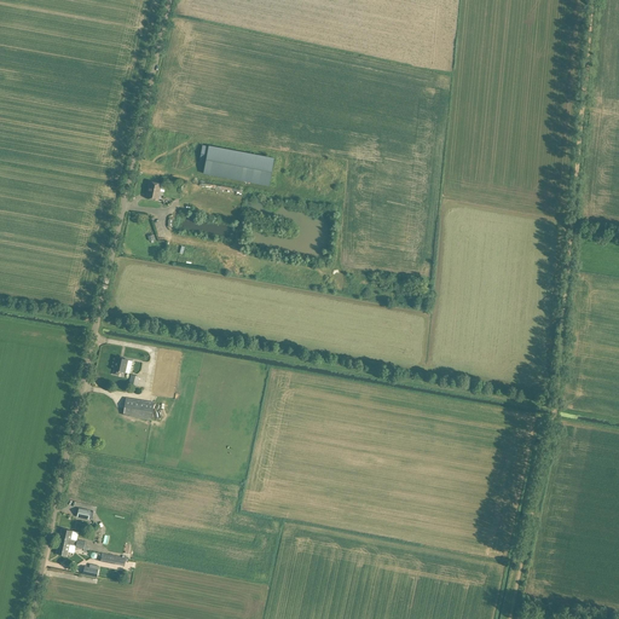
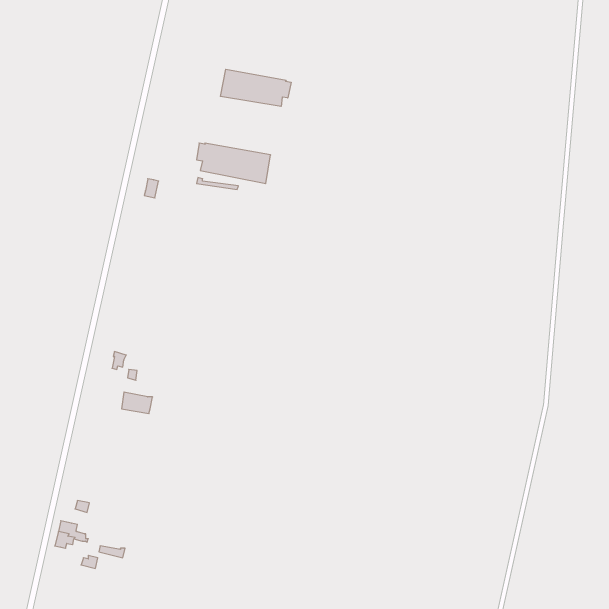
building: none -> [220,69,291,106]

